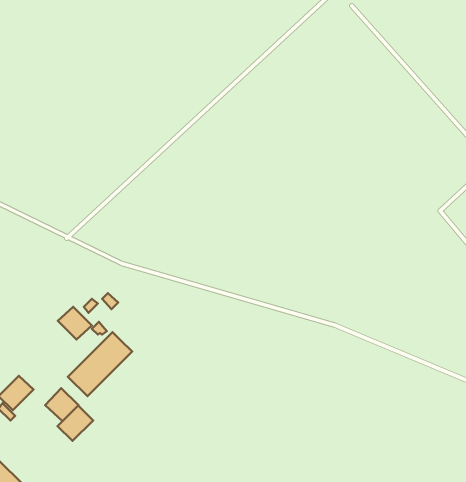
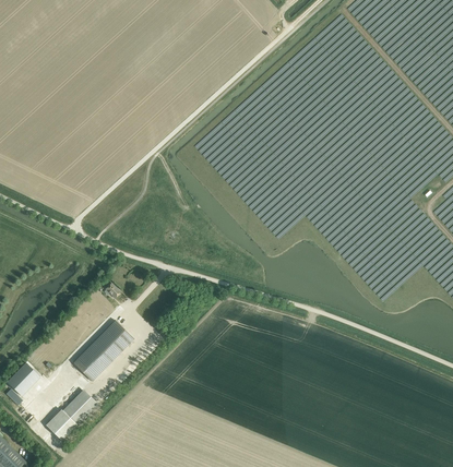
building: [58,307,92,340] -> none
building: [45,388,78,421] -> [45,409,76,441]

